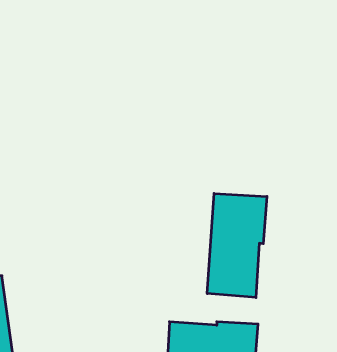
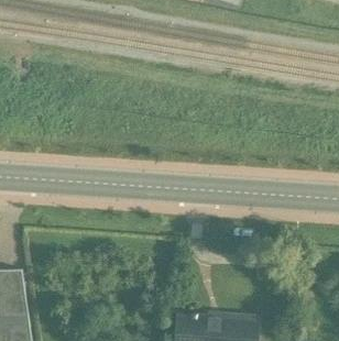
building: [207,193,267,298] -> none

